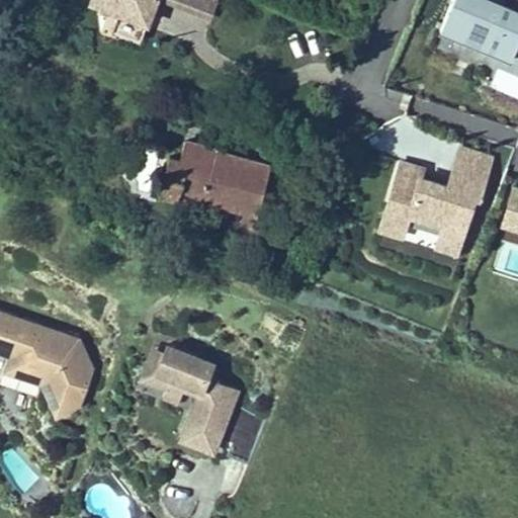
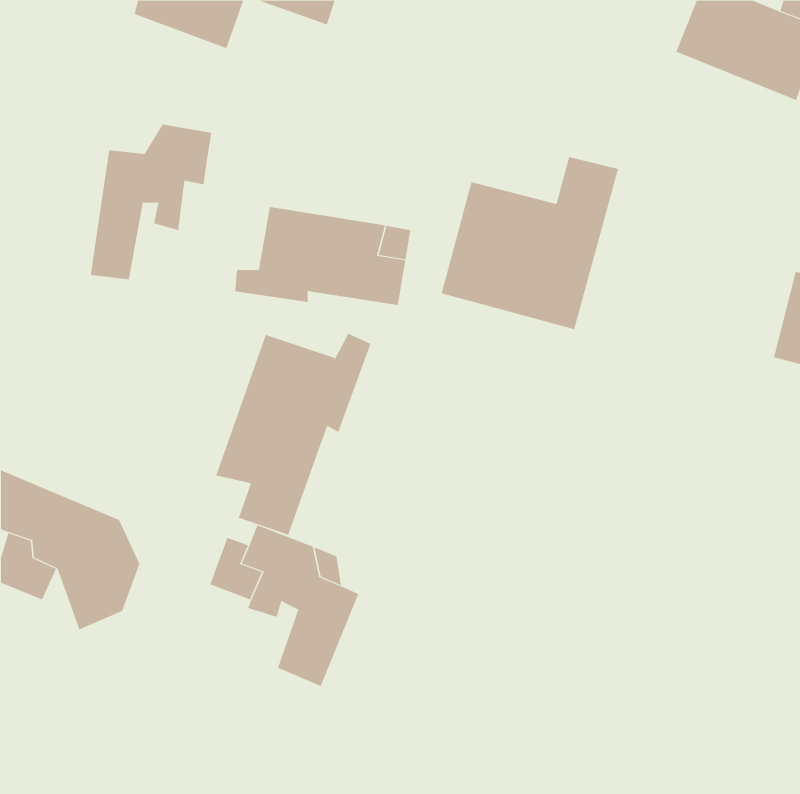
building: none -> [90,124,212,280]
building: [378,148,493,259] -> [441,156,619,330]
building: none -> [215,333,371,535]

